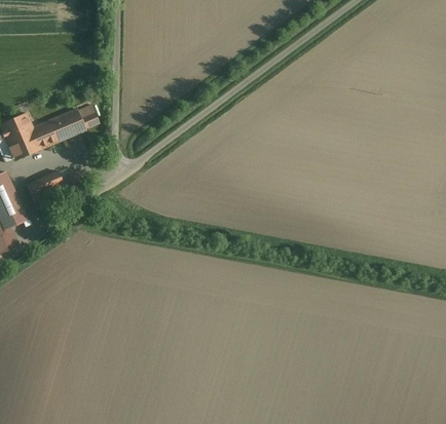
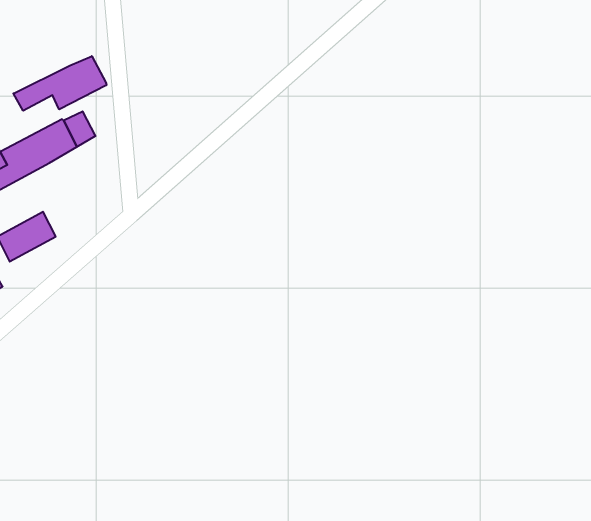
building: none -> [13,56,106,111]

